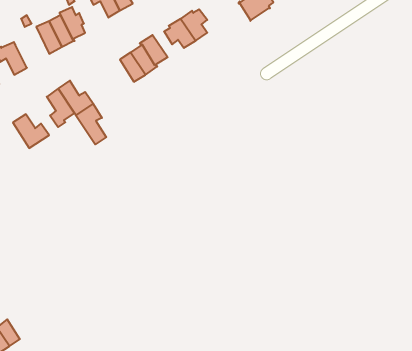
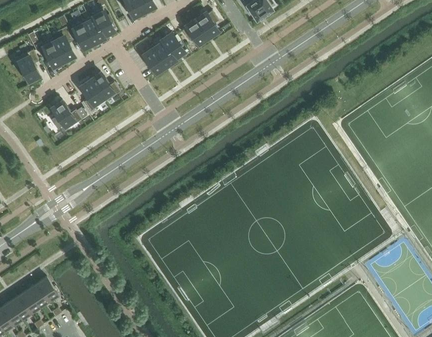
building: none -> [52,27,73,61]
building: [76,104,106,144] -> none

